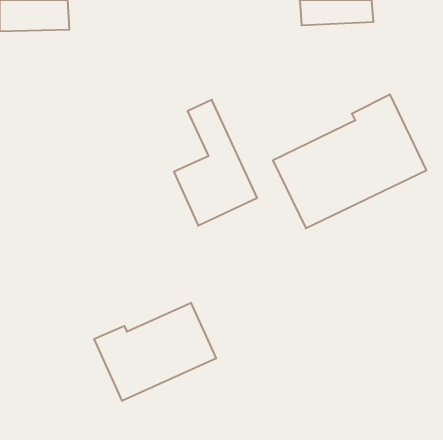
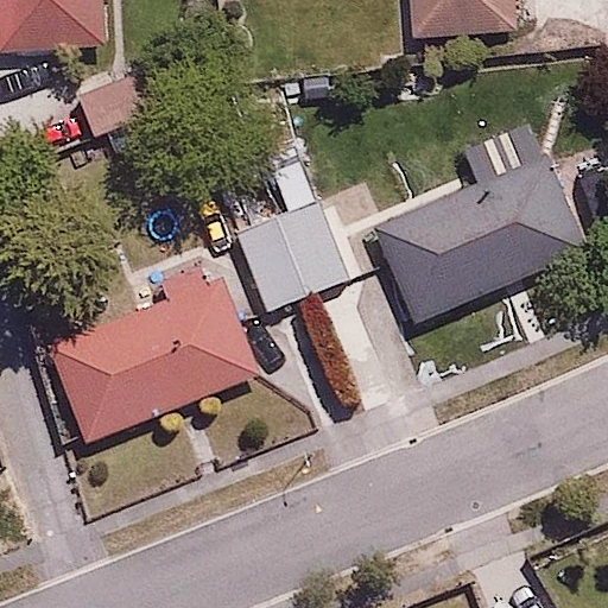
building: none -> [46,249,265,448]
building: [94,303,216,401] -> none

